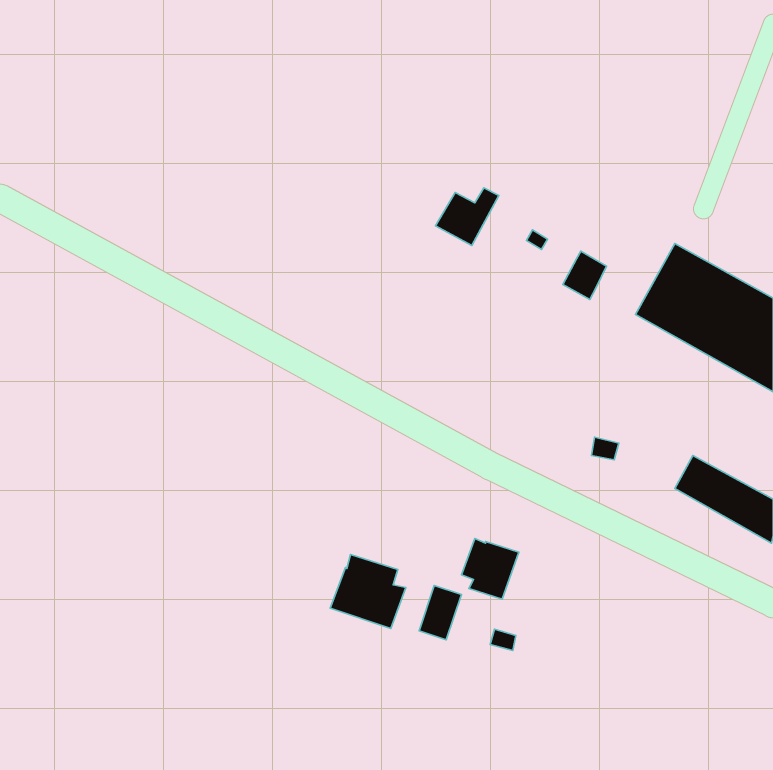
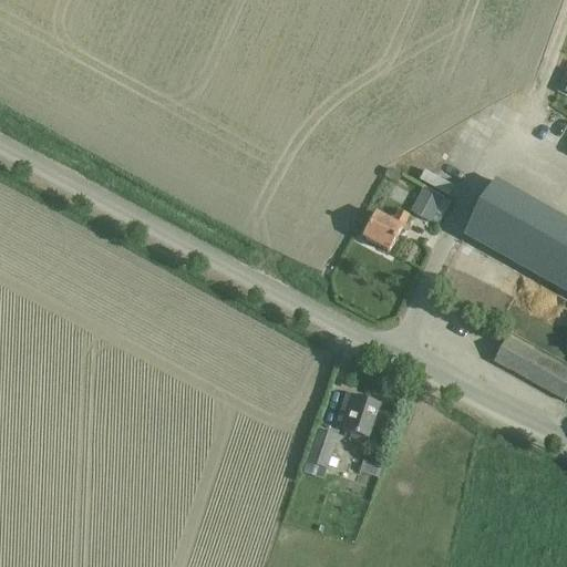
building: [435,188,499,245] -> [363,206,410,248]
building: [330,555,406,628] -> none

